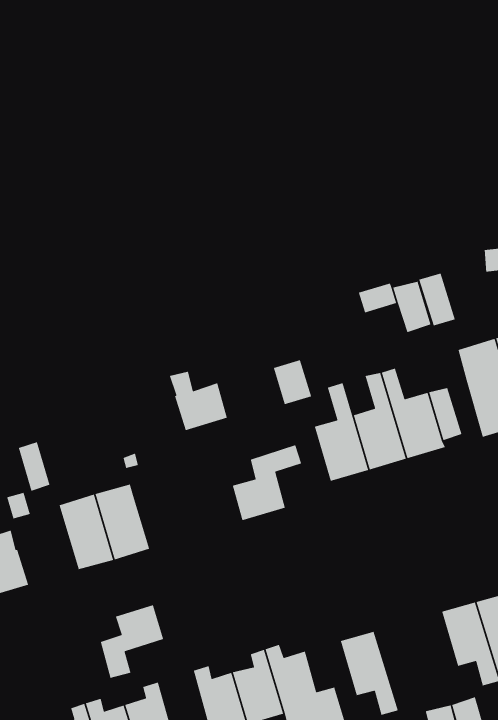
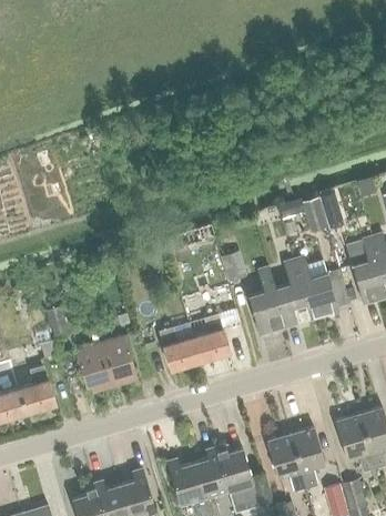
building: [169,371,228,431] -> [160,327,200,368]
building: [100,604,164,679] -> none
building: none -> [290,427,325,488]

